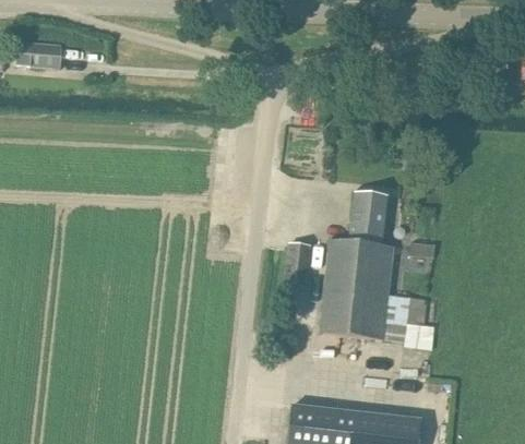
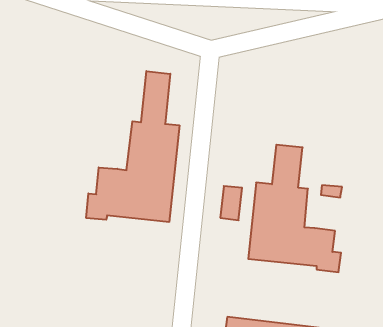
building: [16,41,63,68] -> none
building: none -> [86,71,179,222]

